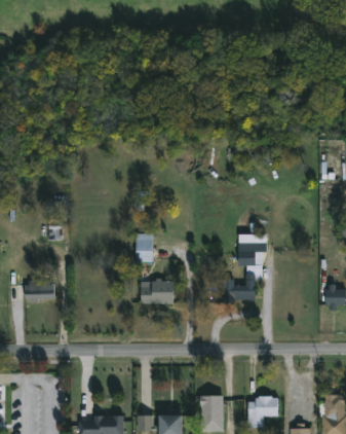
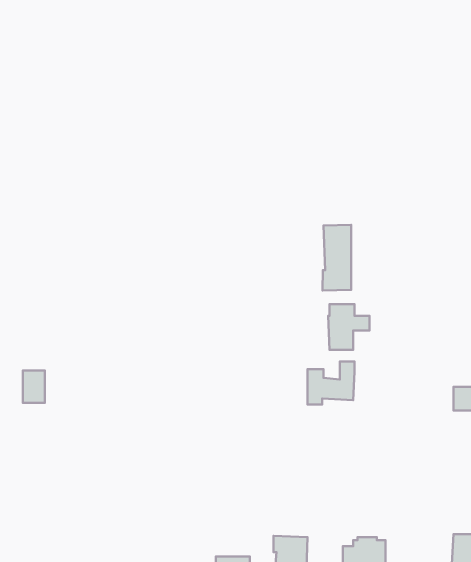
building: none -> [322,225,351,290]
building: [136,233,152,261] -> none
building: [140,278,174,303] -> none

